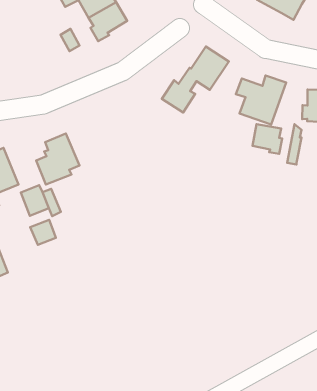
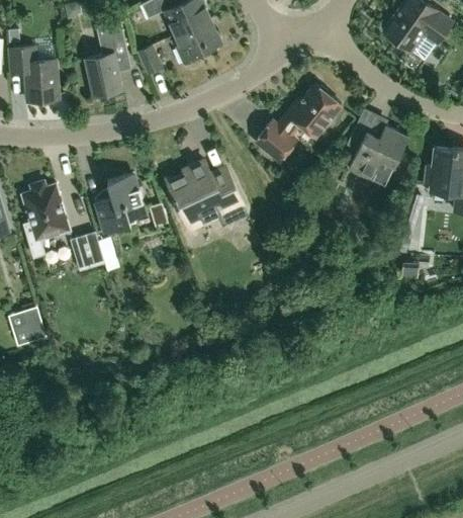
building: none -> [85,20,127,96]
building: none -> [169,162,248,226]
building: [252,124,282,154] -> none
building: [30,220,56,245] -> none

